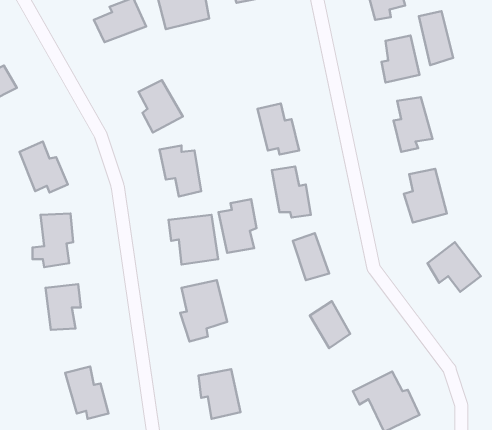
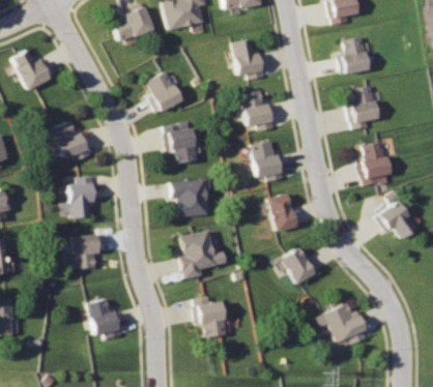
building: [419,11,453,65] -> none
building: none -> [232,38,264,79]
building: [218,199,257,253] -> none

